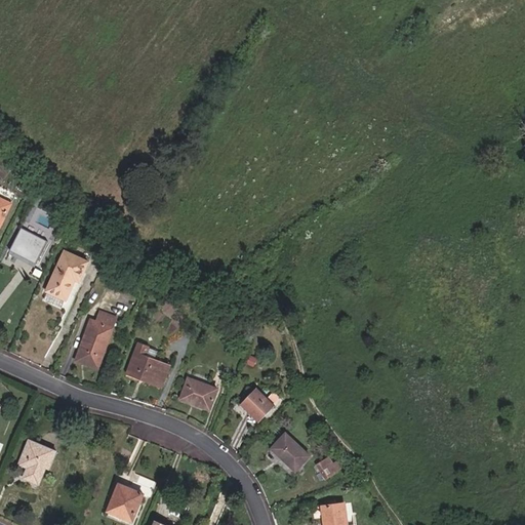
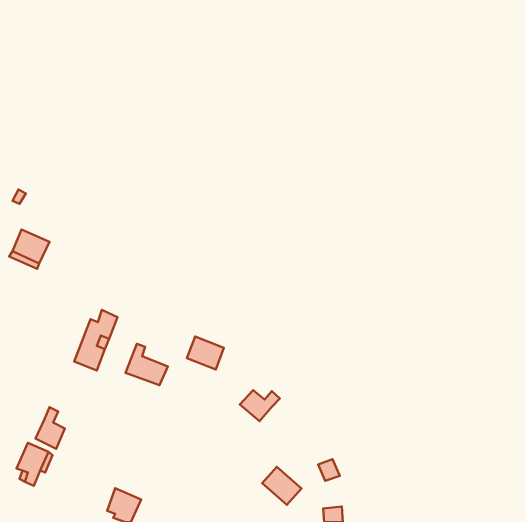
building: [47,251,88,302] -> none
building: [179,376,216,409] -> [187,337,224,369]
building: none -> [36,407,65,449]
building: [271,432,310,470] -> [262,467,301,505]

